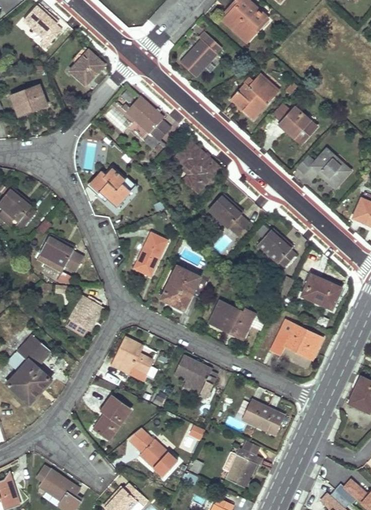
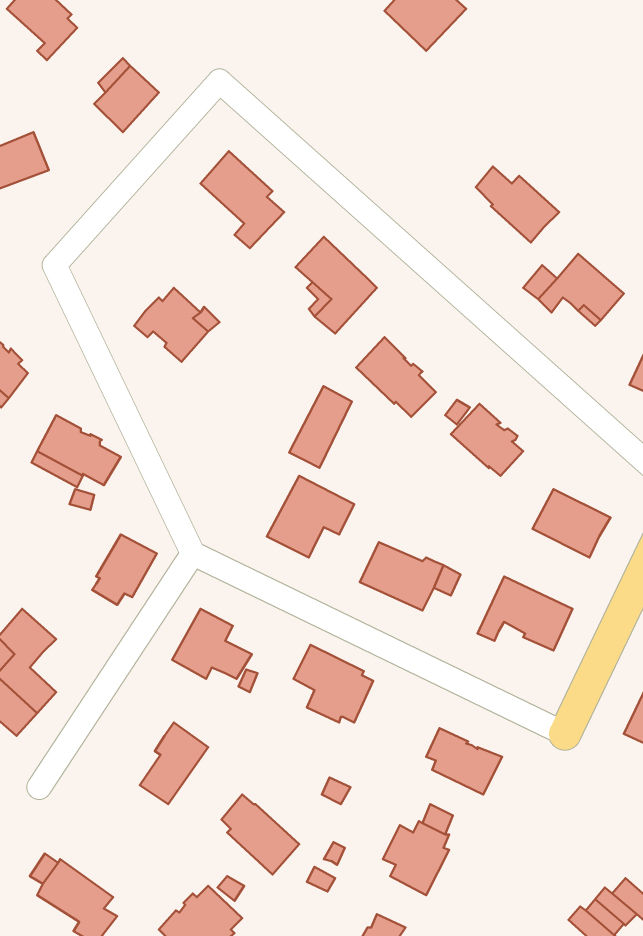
building: [179,30,221,77] -> none
building: [229,75,277,120] -> none
building: [134,232,167,275] -> [289,386,352,468]

